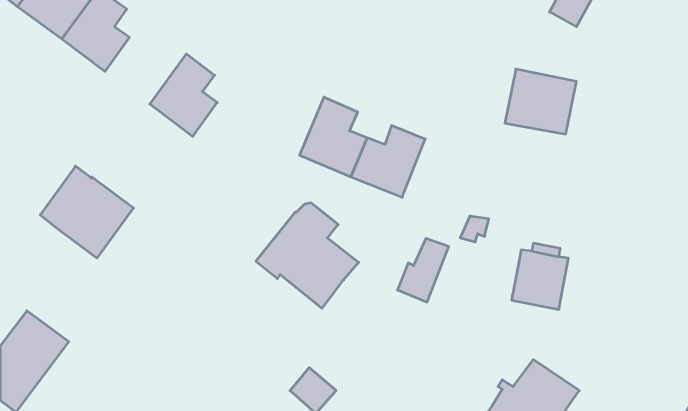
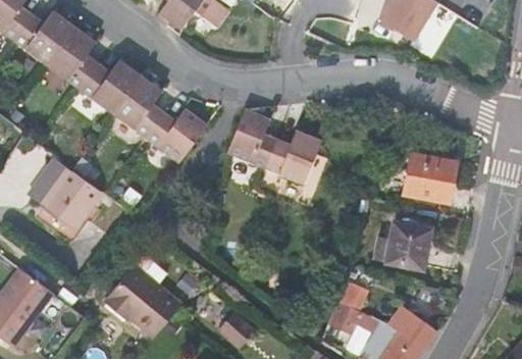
building: none -> [80,60,141,113]
building: [505,69,576,134] -> [403,153,457,202]
building: none -> [146,108,207,162]
building: [256,203,359,308] -> [105,257,182,337]
building: [397,239,449,302] -> [329,283,368,330]

